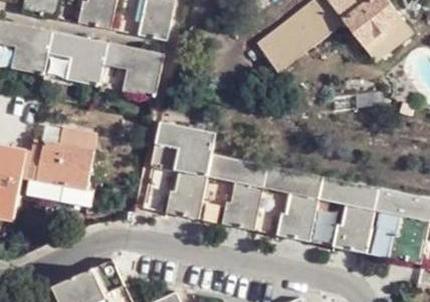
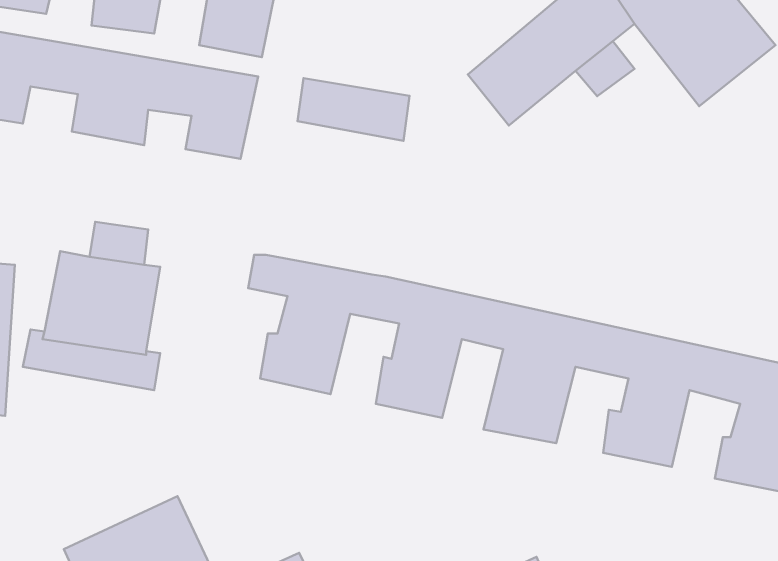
building: [156,119,213,152] -> [298,78,409,141]

